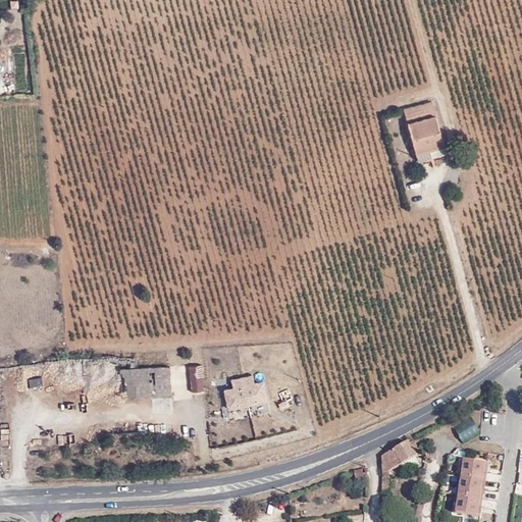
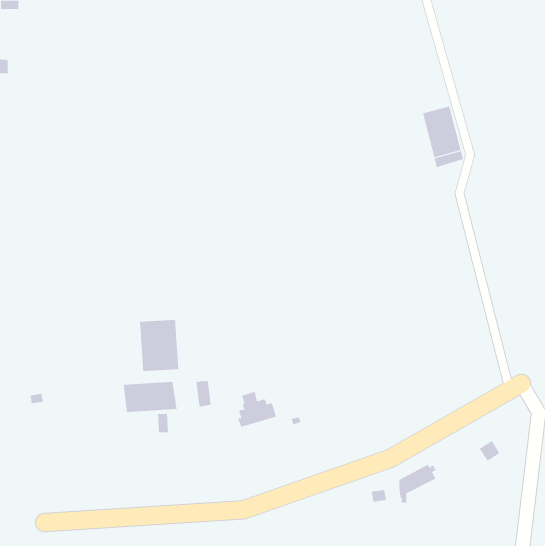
building: none -> [140,319,179,372]
building: [453,458,487,516] -> none

